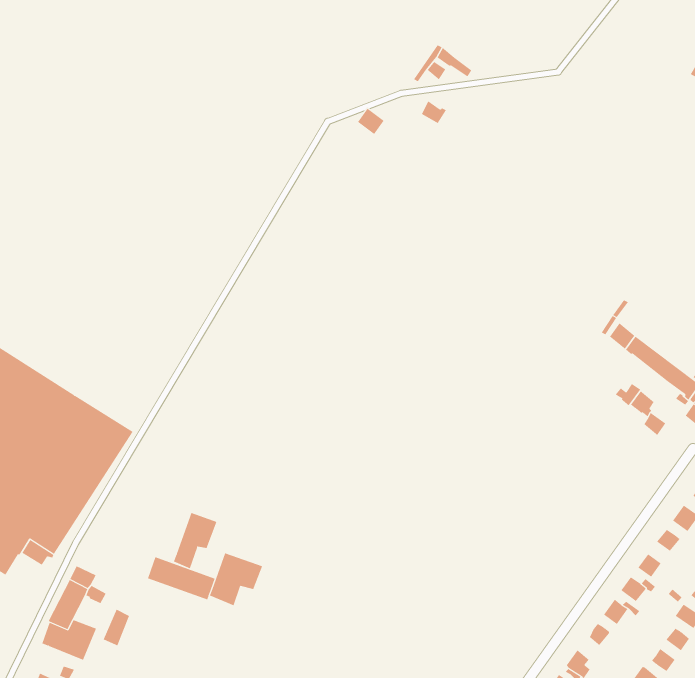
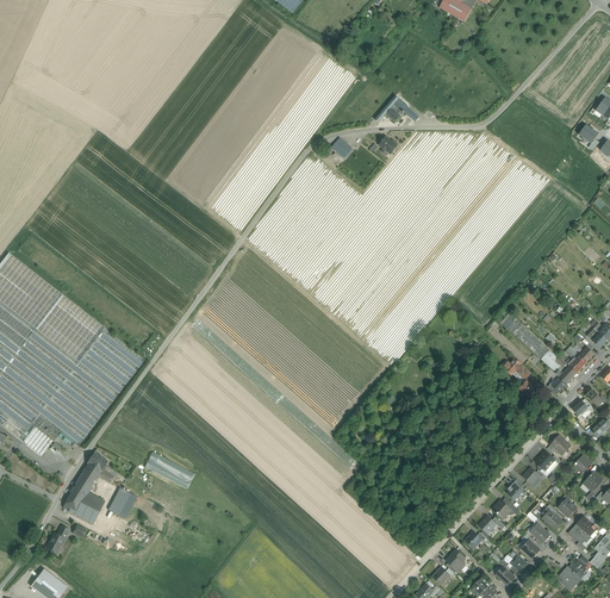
building: [173,512,217,569] -> none
building: [209,552,263,606] -> none

